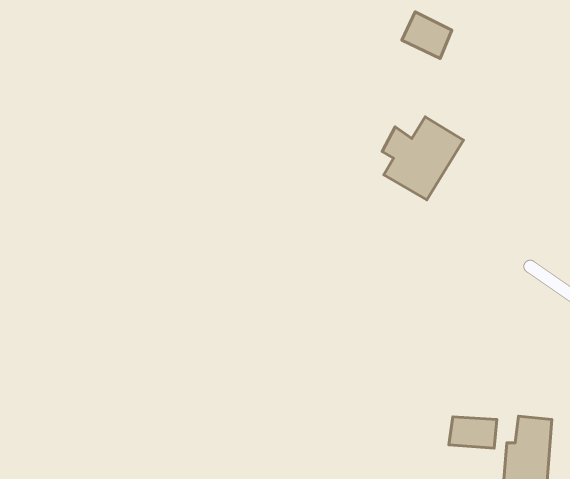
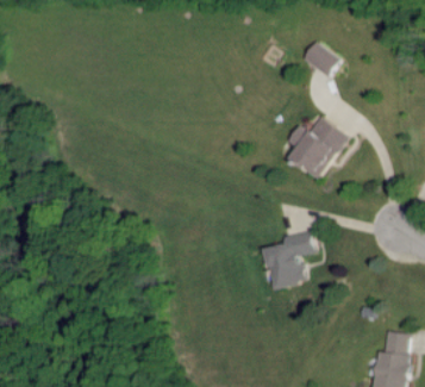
building: none -> [262,233,314,289]
building: [449,417,497,448] -> none

